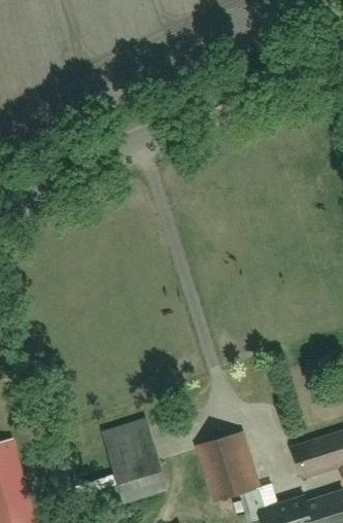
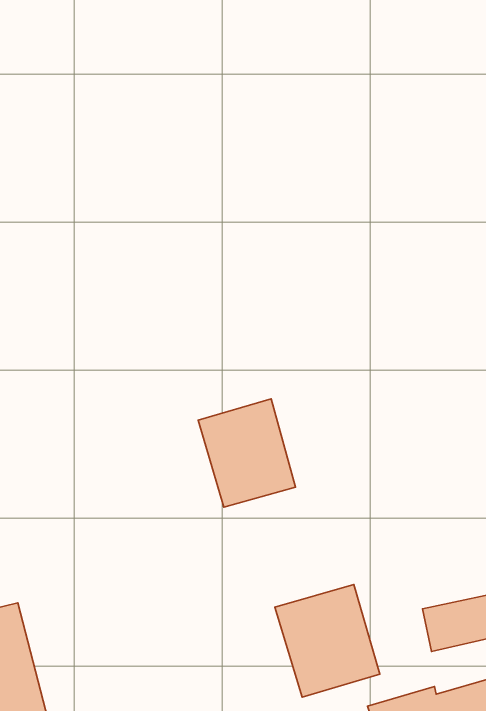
building: [98,418,164,491] -> [198,399,295,507]

